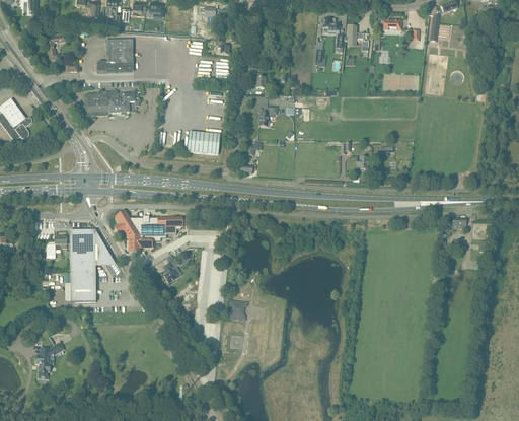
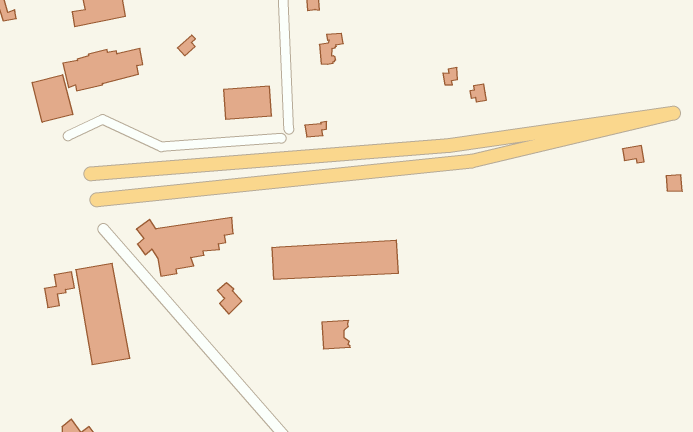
building: none -> [32,75,73,122]
building: none -> [272,240,398,279]

